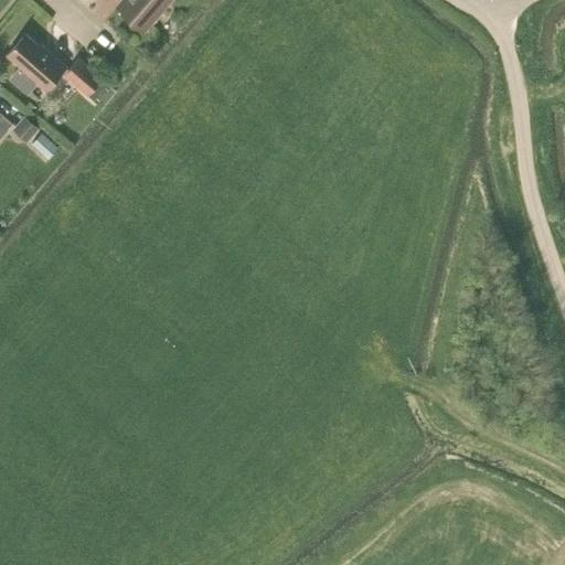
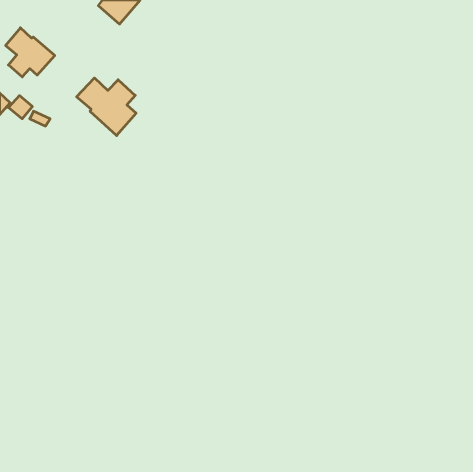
building: [62,58,102,98] -> none
building: none -> [77,78,136,136]

